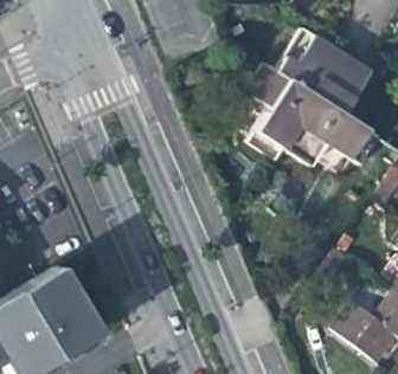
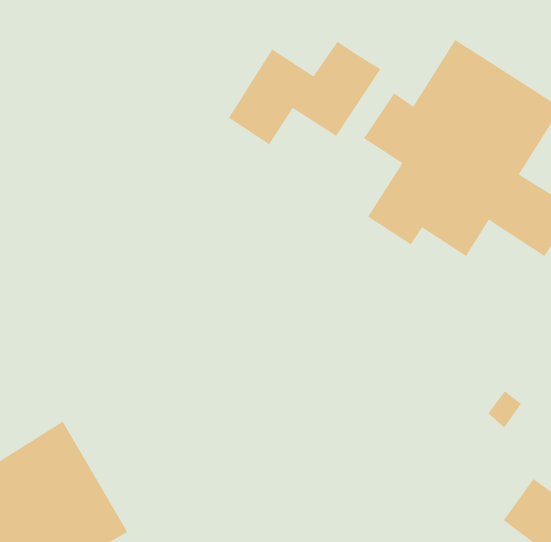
building: none -> [228,41,381,145]

